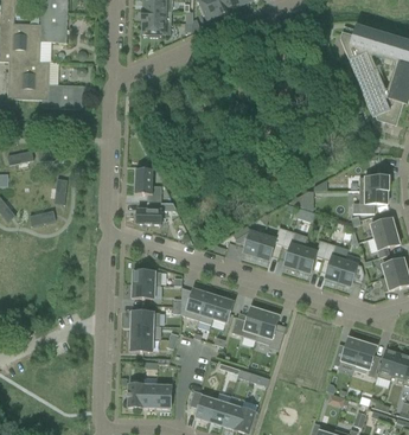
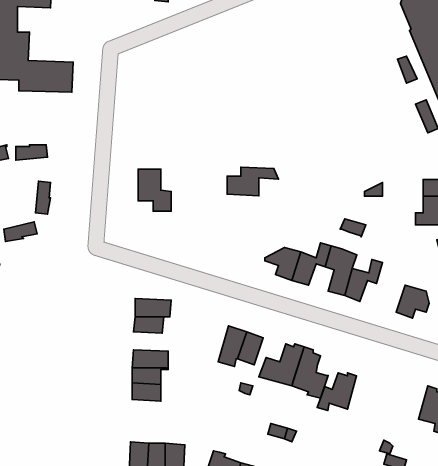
building: [136,201,177,224] -> [227,167,278,196]
building: [322,242,349,281] -> none
building: [180,288,206,320] -> none
building: [332,337,363,366] -> [317,373,356,411]

